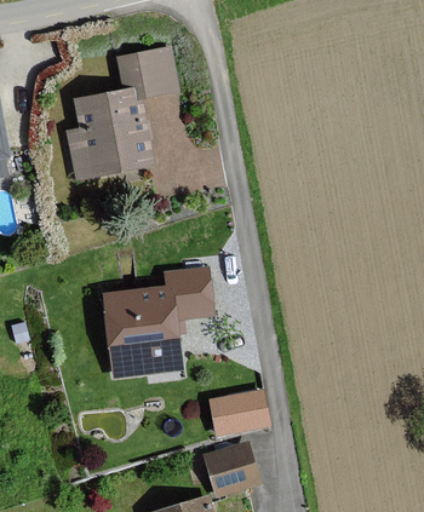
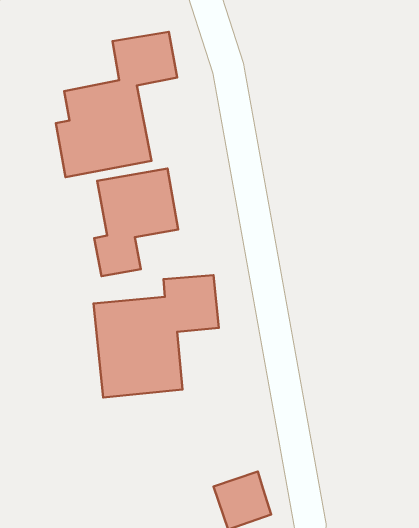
building: none -> [94,168,178,276]
building: [211,391,268,432] -> none

